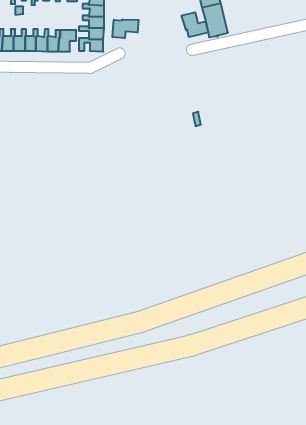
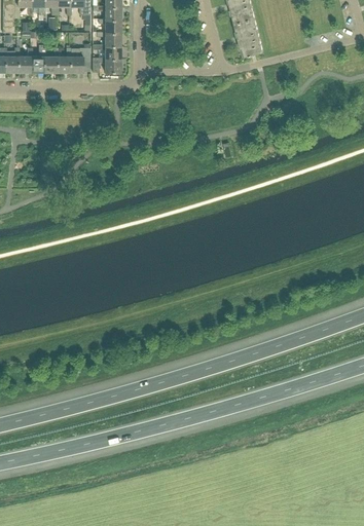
building: [182,12,208,37] -> none
building: [113,19,139,38] -> none

